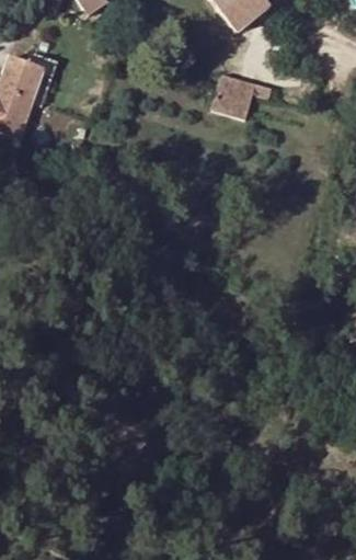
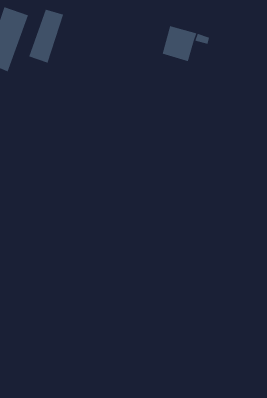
building: none -> [29,9,64,64]

